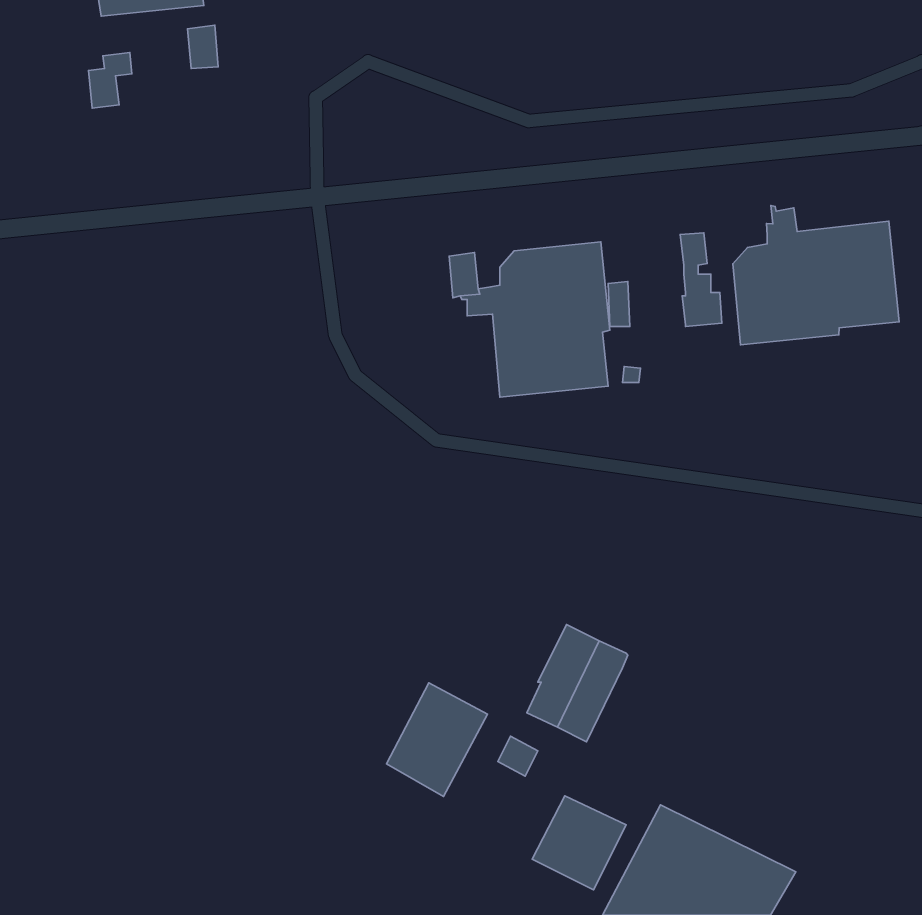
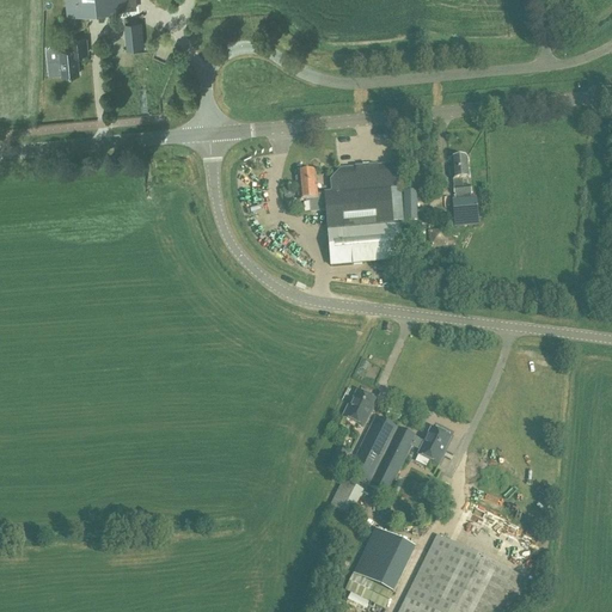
building: [733,205,899,345] -> none
building: none -> [343,388,377,423]
building: none -> [412,424,451,461]
building: [387,683,487,796] -> none

